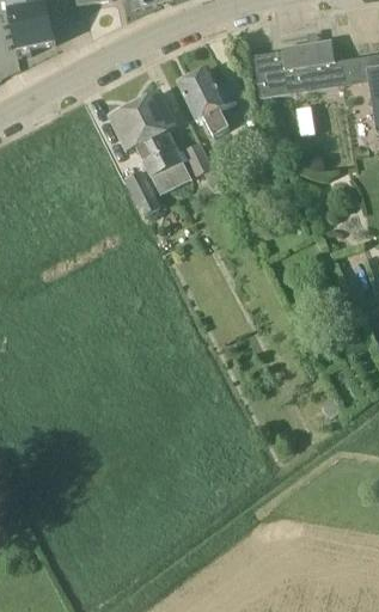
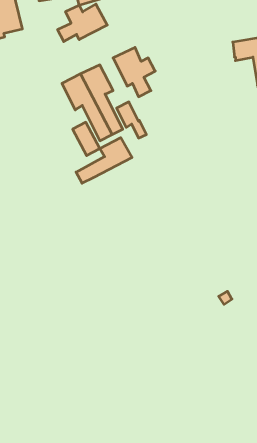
building: none -> [58,4,107,42]
building: [252,37,344,97] -> none
building: none -> [76,138,132,183]

